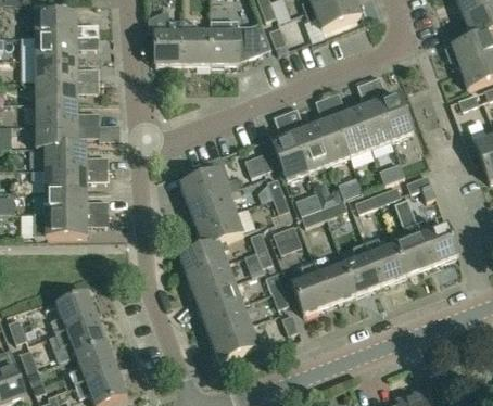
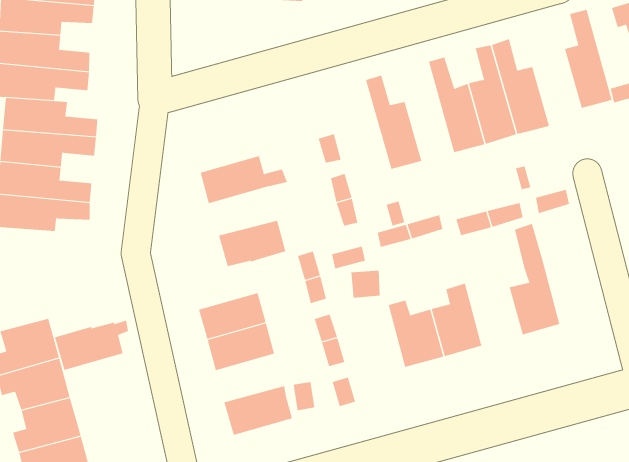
building: [314,97,350,164] -> [564,9,613,109]
building: [273,113,308,180] -> none
building: [188,187,243,227] -> none
building: [417,219,458,265] -> none
building: [366,239,407,284] -> none
building: [179,240,229,278] -> [54,320,129,370]
building: [292,263,330,314] -> none
building: [203,303,251,339] -> none

